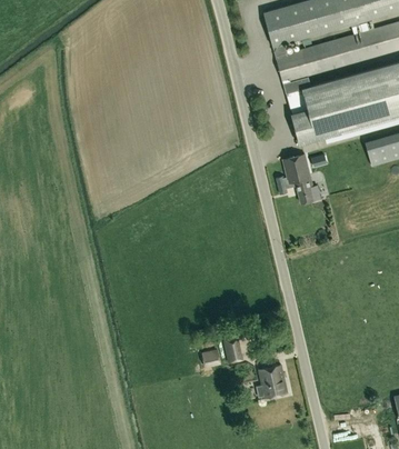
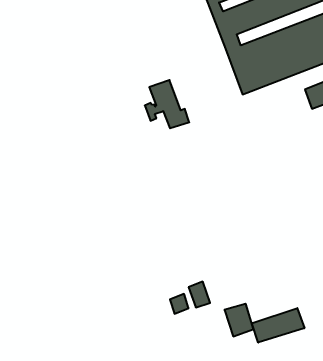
building: [277,152,322,203] -> [145,80,189,128]
building: none -> [252,308,304,343]

